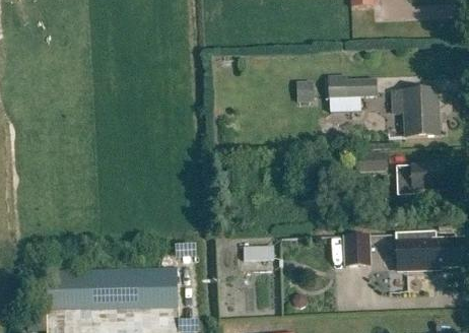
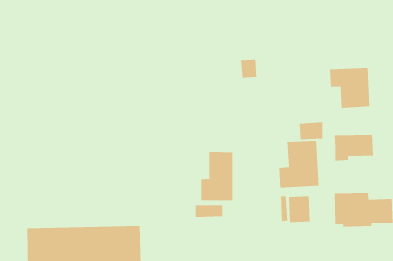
building: [327,78,377,97] -> none
building: none -> [279,140,319,188]
building: none -> [201,151,233,201]

